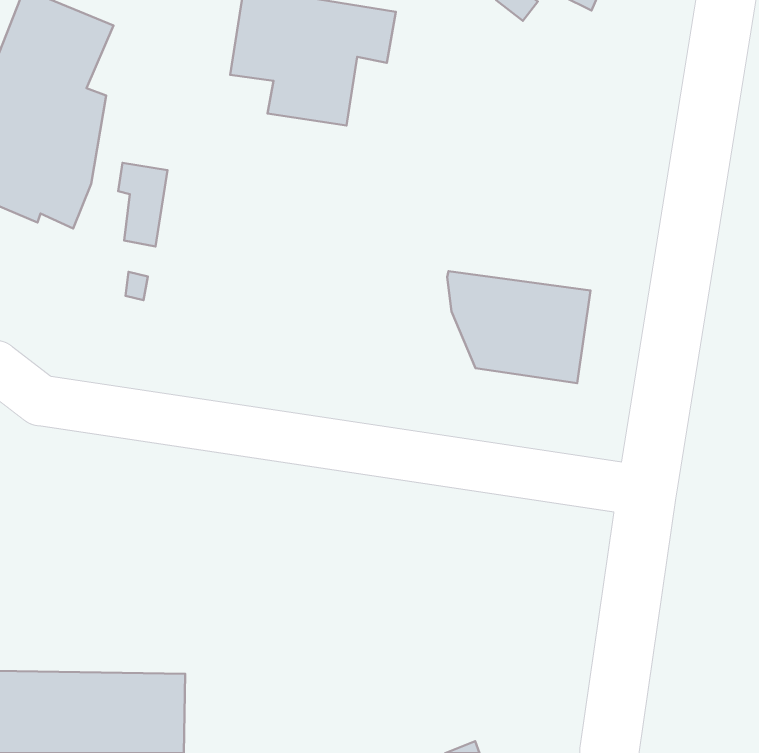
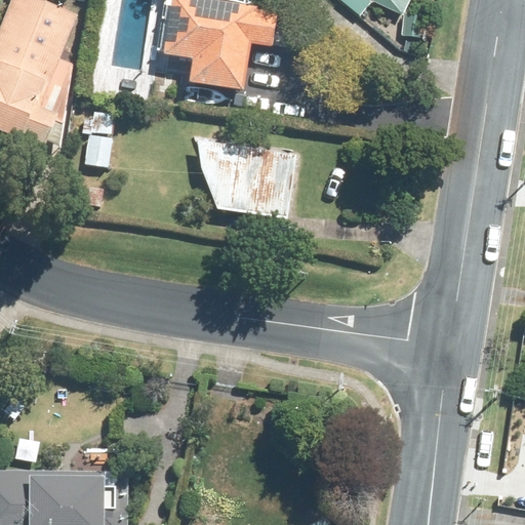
building: [447,271,591,383] -> [199,147,297,224]

